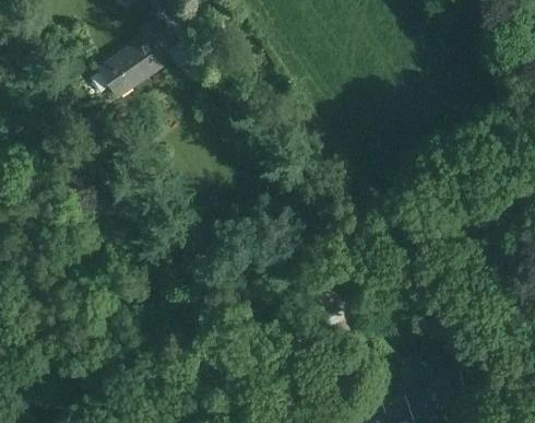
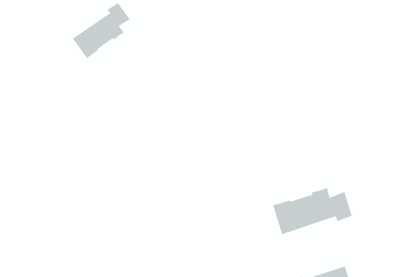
building: none -> [272,187,353,235]

